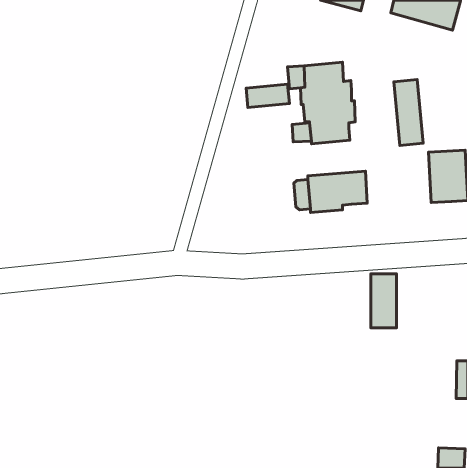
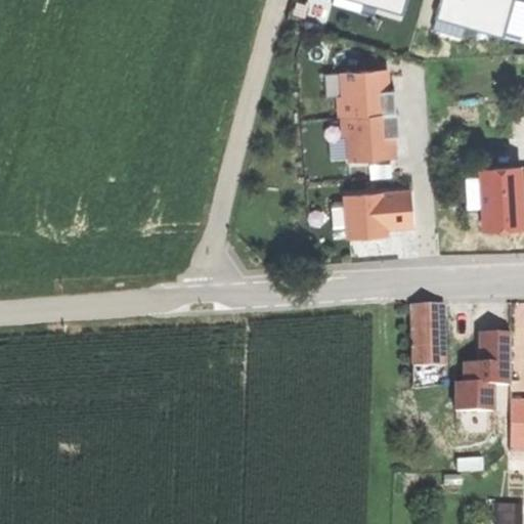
building: [394,79,423,146] -> none
building: [246,84,289,107] -> none
building: none -> [456,335,512,412]

